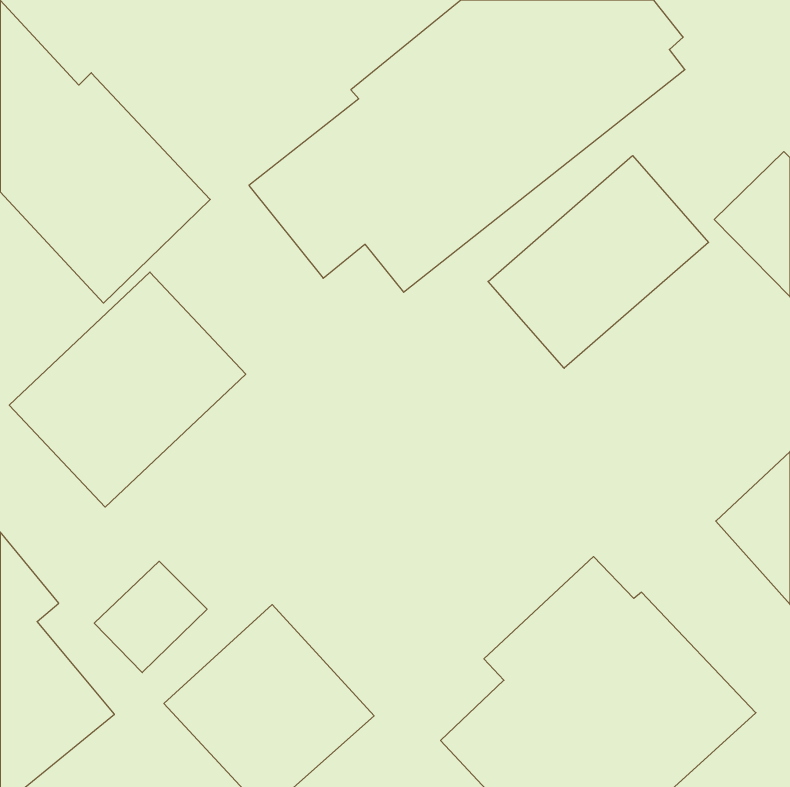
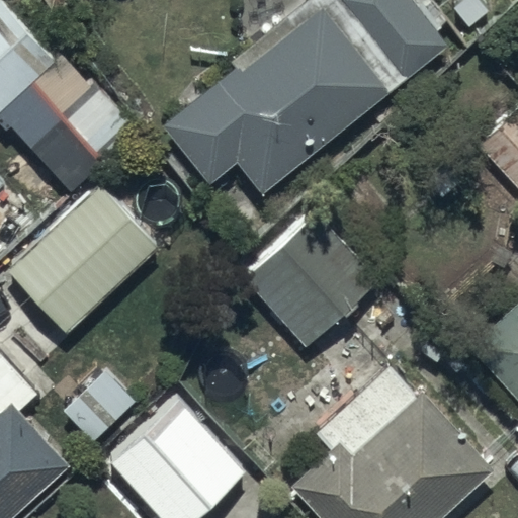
building: [488,156,709,368] -> none
building: none -> [244,210,433,366]

